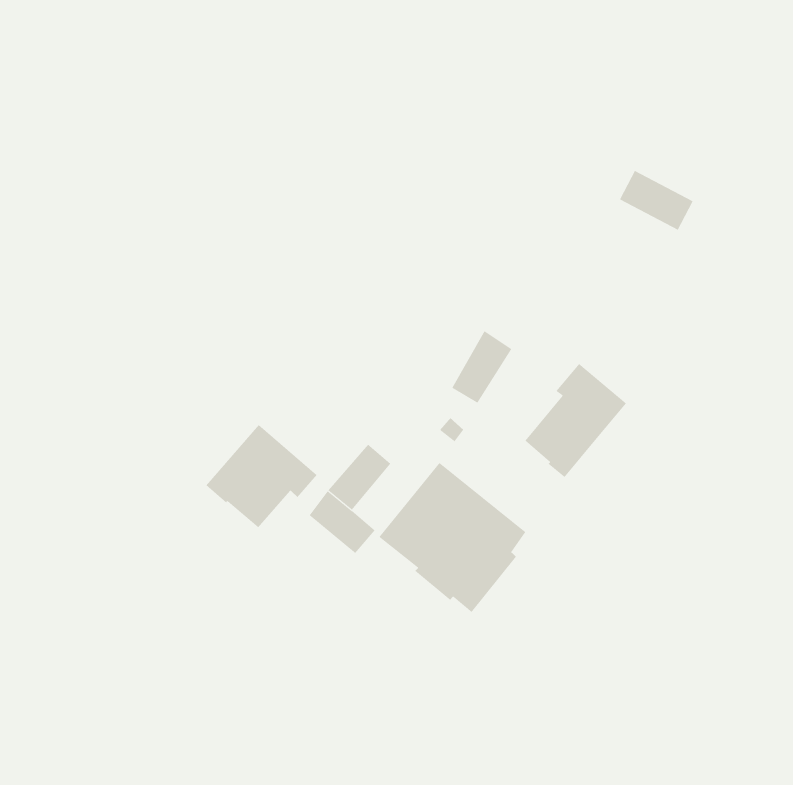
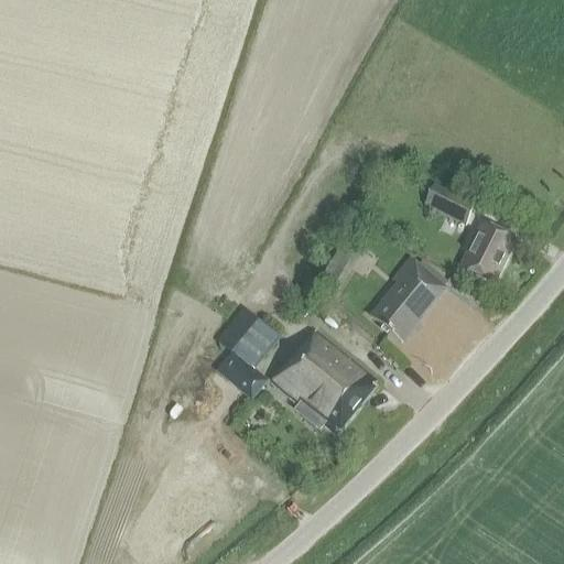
building: [619,170,694,231] -> [424,180,477,223]
building: none -> [459,220,514,280]
building: [206,424,317,528] -> none

